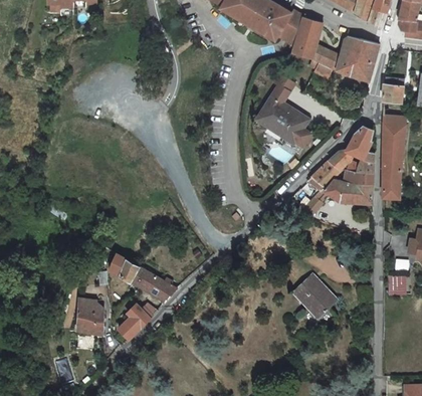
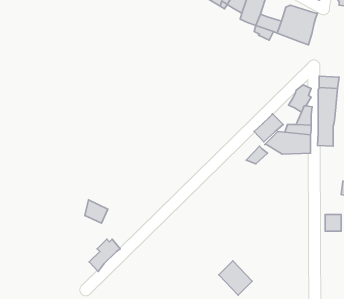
building: [255,72,308,147] -> none
building: [382,79,404,105] -> none
building: [329,150,362,172] -> none
building: [133,269,178,301] -> none
building: [295,275,334,315] -> [219,261,252,295]
building: [78,300,103,330] -> none

